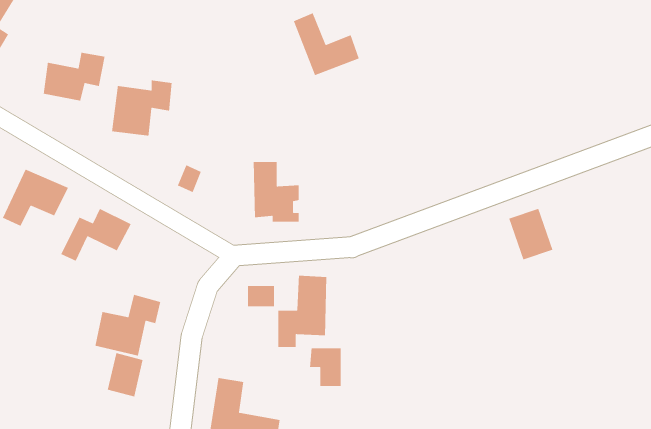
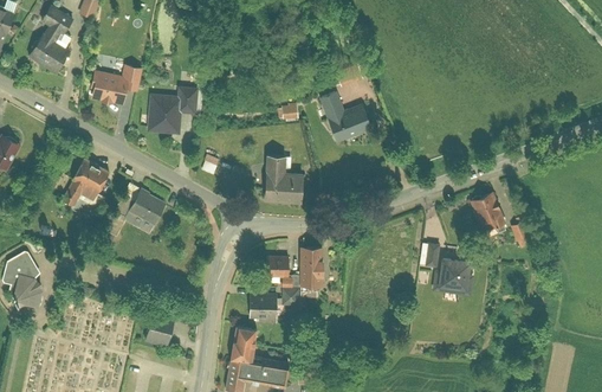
building: [293,12,360,76] -> [317,90,371,142]
building: none -> [432,256,467,289]
building: [94,294,161,357] -> none
building: [309,348,341,387] -> [252,294,278,326]

